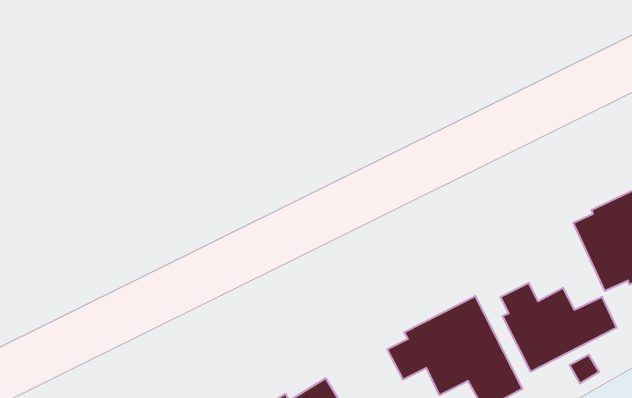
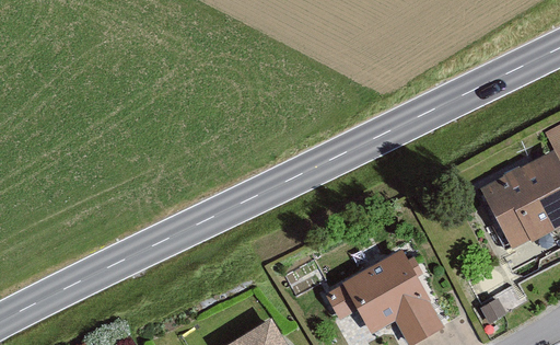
building: [500,283,617,372] -> none

